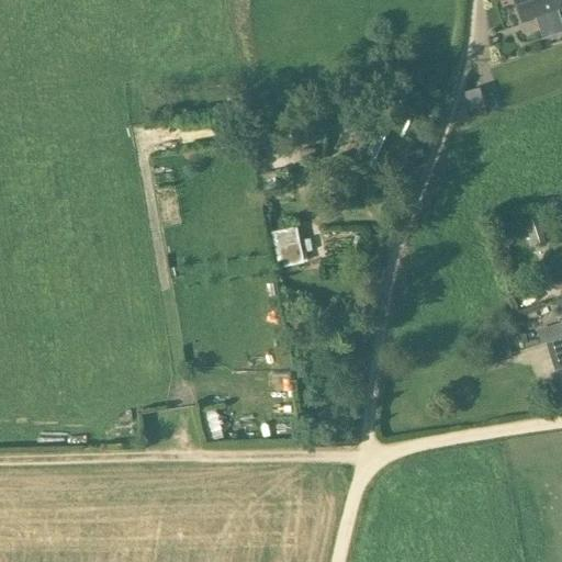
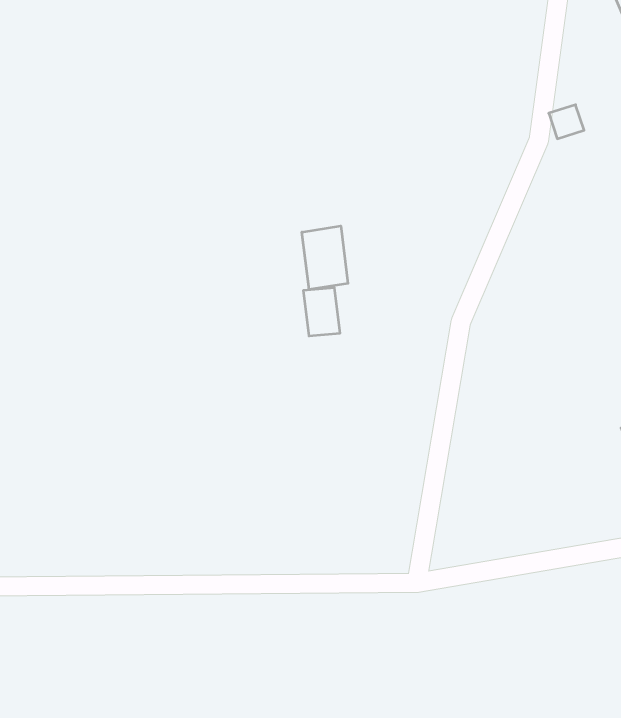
building: none -> [302,226,348,290]

